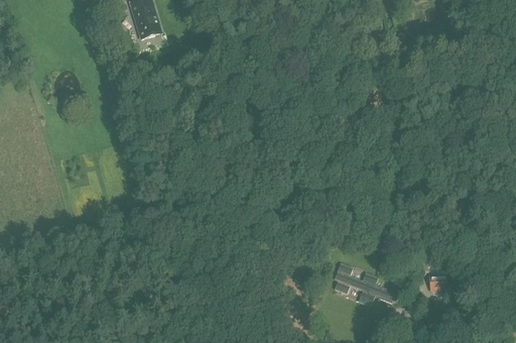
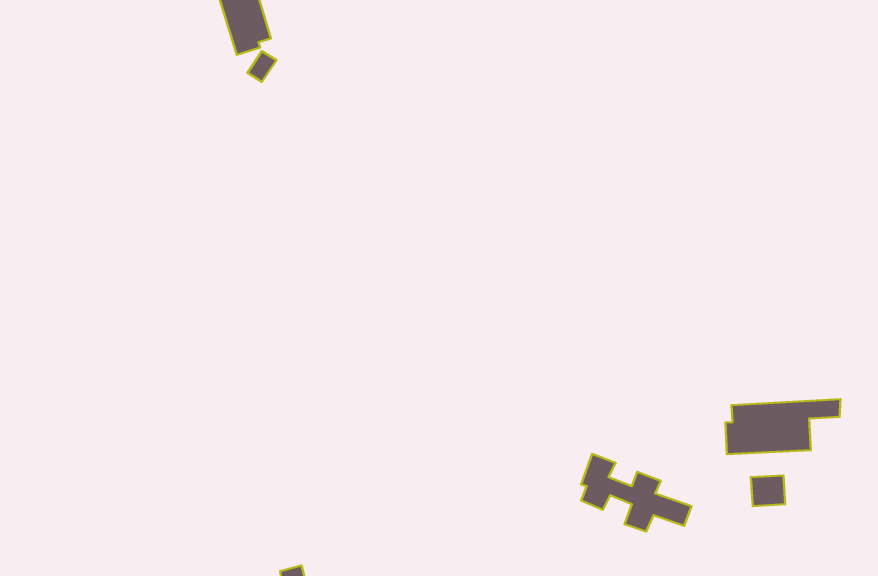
building: none -> [725,399,841,454]

